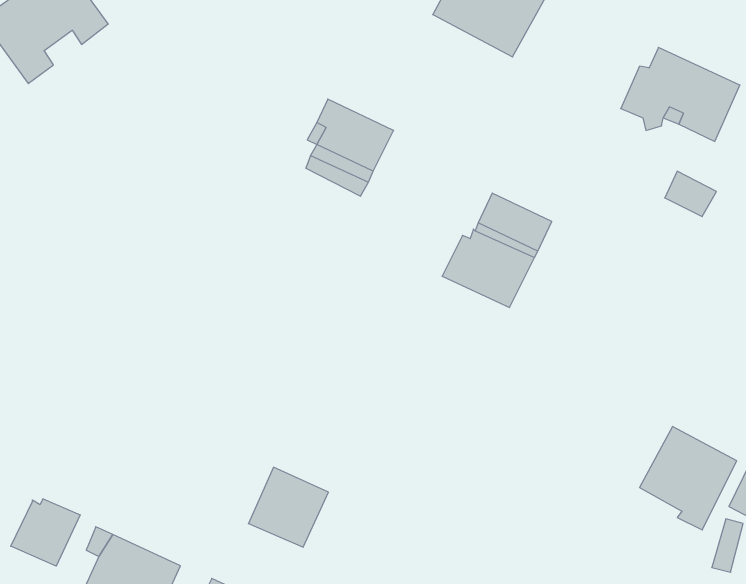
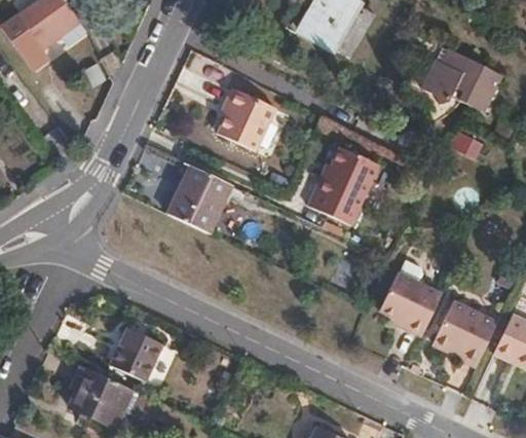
building: none -> [168,167,231,234]
building: none -> [381,259,443,334]
building: [248,467,328,547] -> [114,329,166,381]
building: [11,499,80,566] -> none

